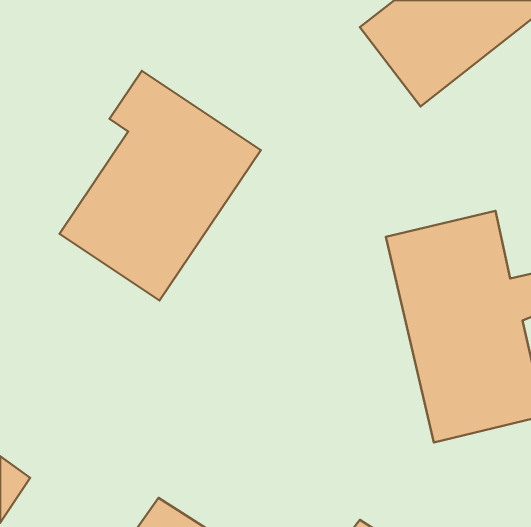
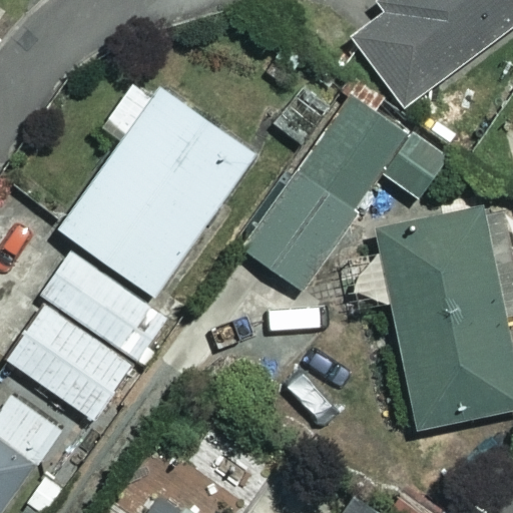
building: none -> [235,81,457,295]
building: none -> [8,251,166,422]

